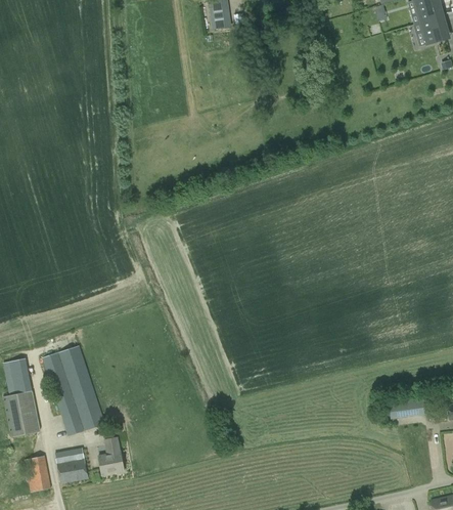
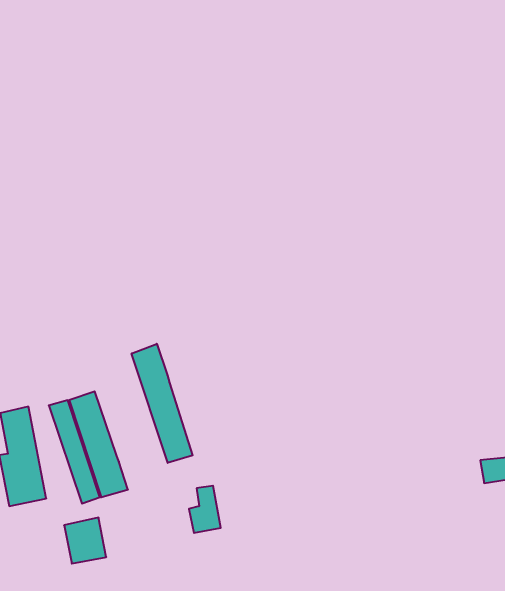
building: none -> [132,344,193,463]
building: [98,437,124,475] -> [189,486,221,533]
building: [24,456,51,492] -> none

